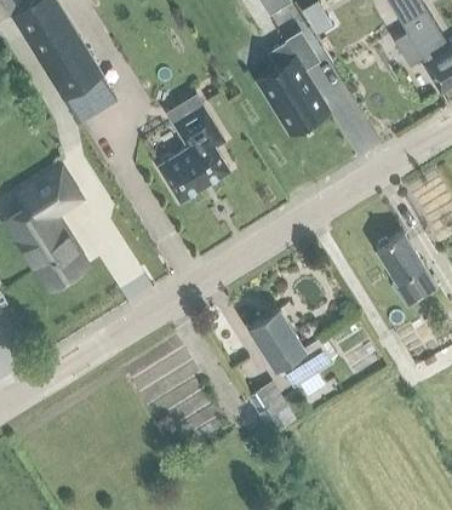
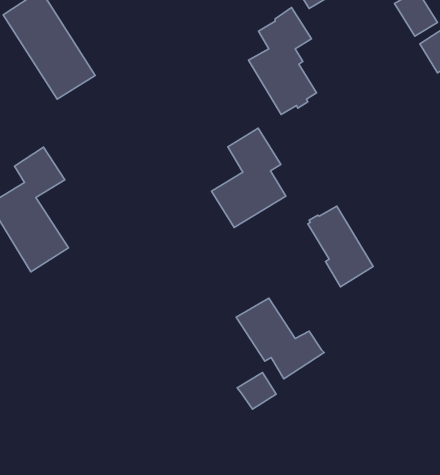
building: [159,103,230,199] -> [211,128,286,228]
building: [376,231,439,309] -> [308,206,373,287]

